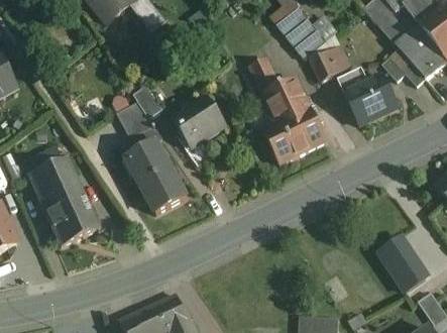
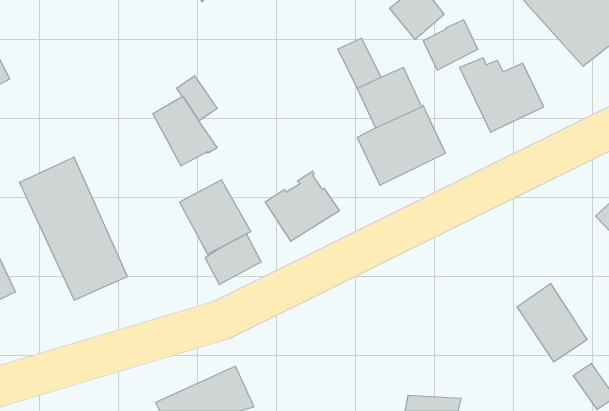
building: [382,56,426,86] -> none
building: [174,97,227,147] -> [265,171,339,241]
building: [126,139,166,176] -> [205,234,261,284]

